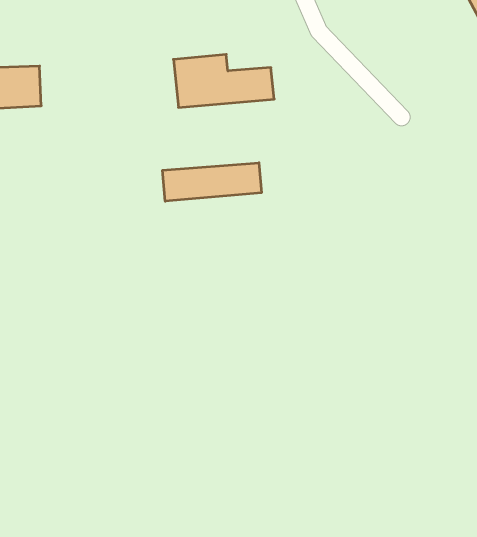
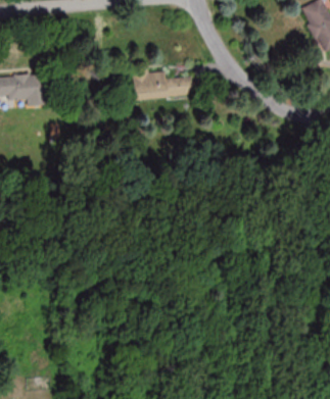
building: [163,163,261,201] -> none

